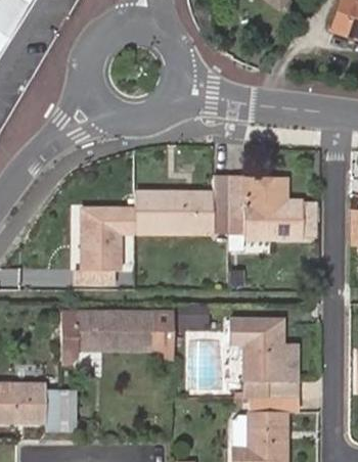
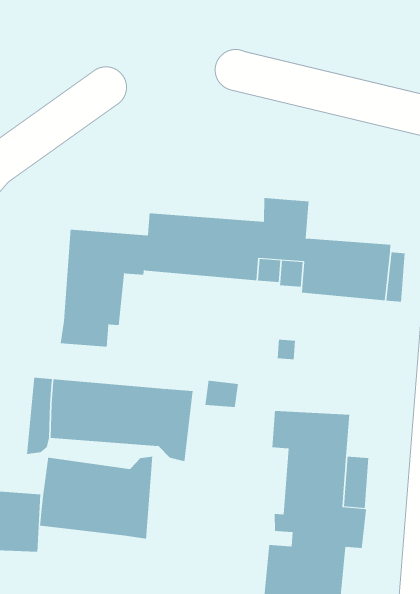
building: [244,177,303,200] -> none
building: none -> [39,456,153,539]

